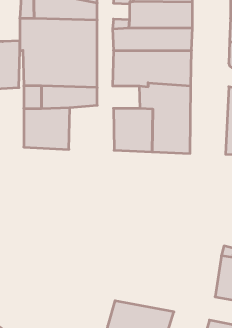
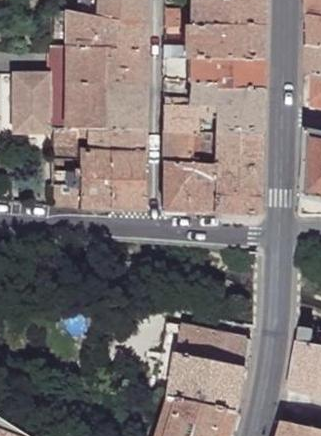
building: none -> [163,130,197,158]
building: none -> [109,154,144,210]
building: none -> [166,326,251,411]

